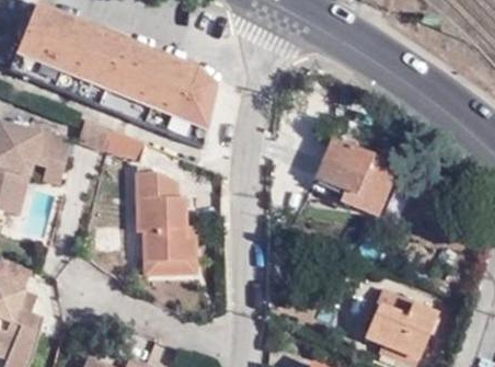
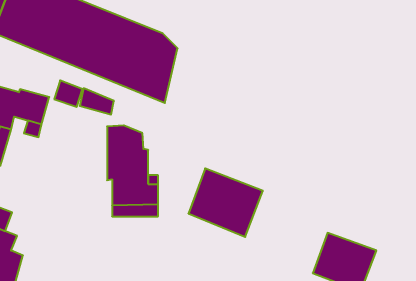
building: [313,139,396,216] -> [188,168,263,237]

